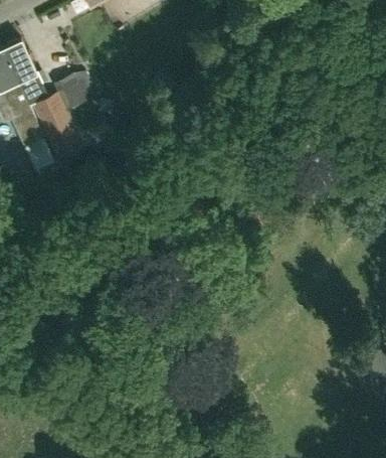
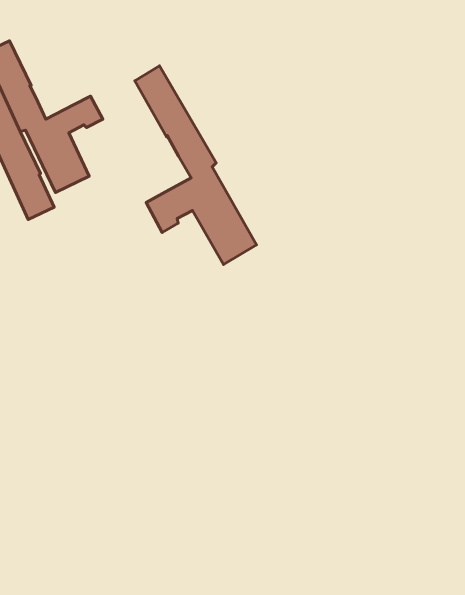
building: none -> [135,66,256,264]

